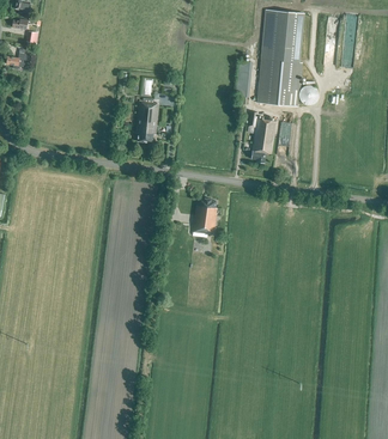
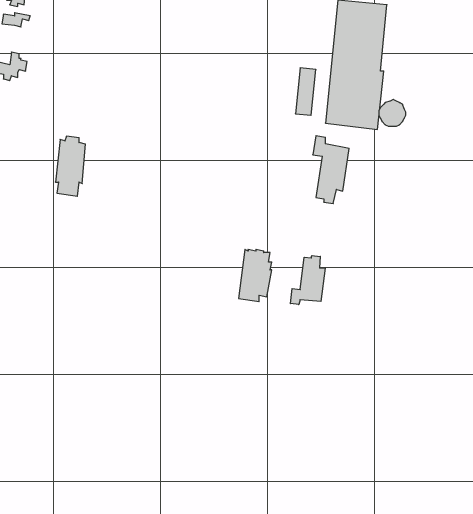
building: [134,97,157,142] -> [55,136,85,196]
building: none -> [290,256,325,305]

